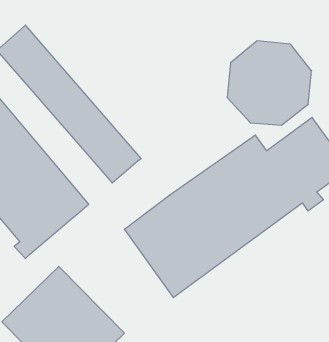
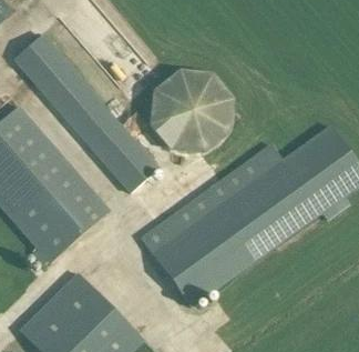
building: [227,41,312,125] -> [151,69,235,153]

